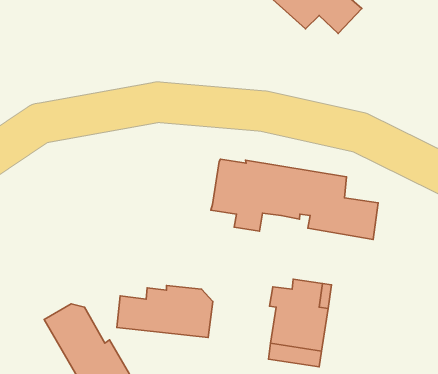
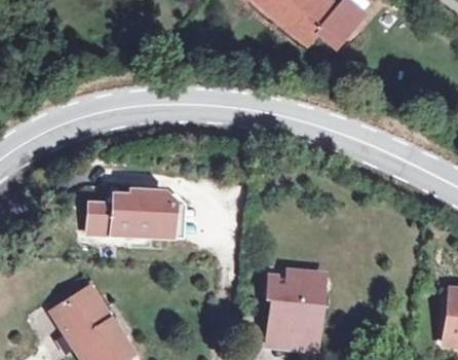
building: [211,159,378,240] -> none
building: [117,286,213,337] -> [89,185,177,232]

